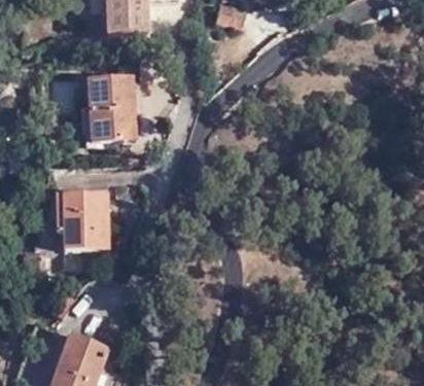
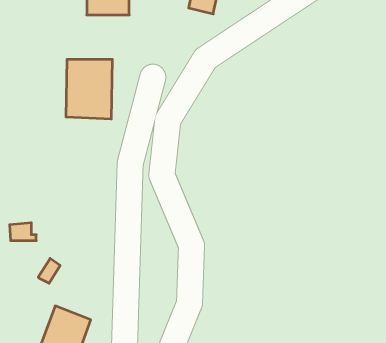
building: [66,191,111,242] -> none

